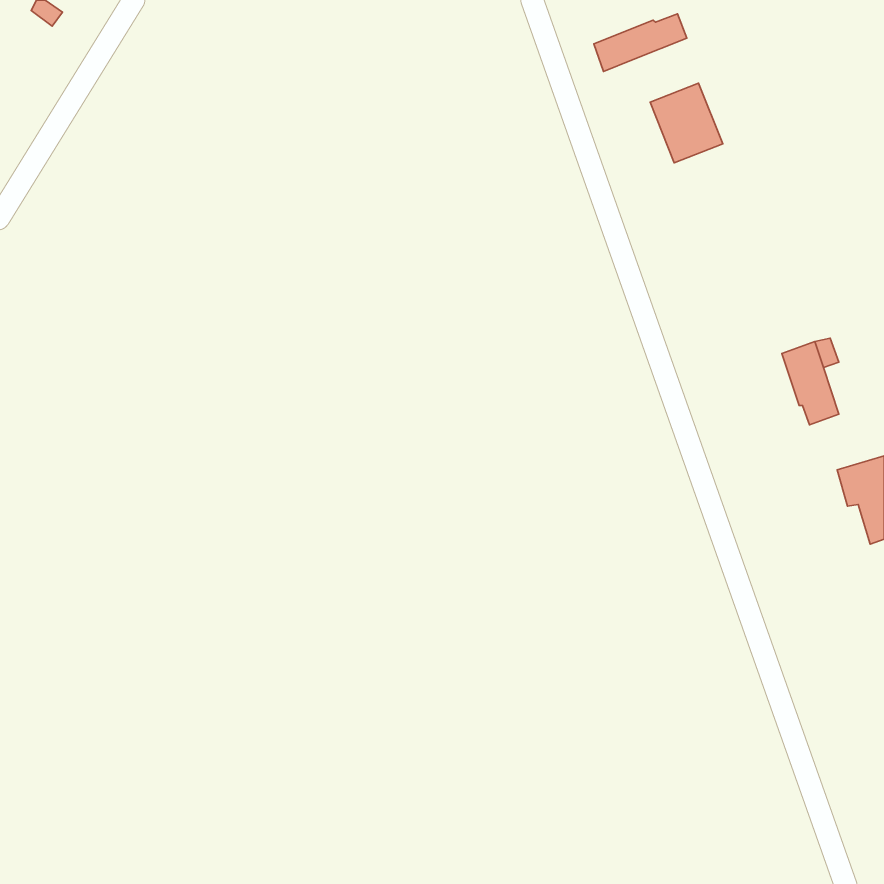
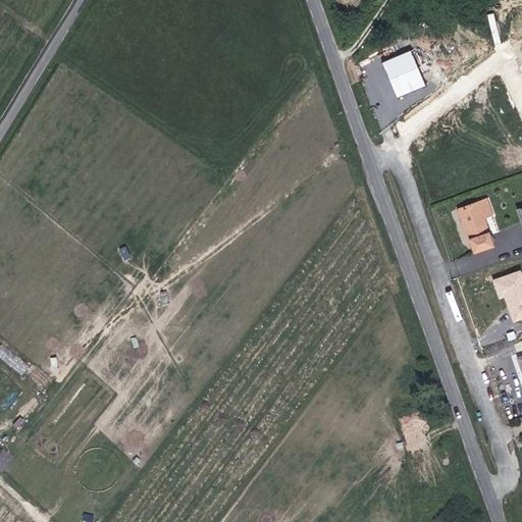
building: [594,14,687,72] -> none

